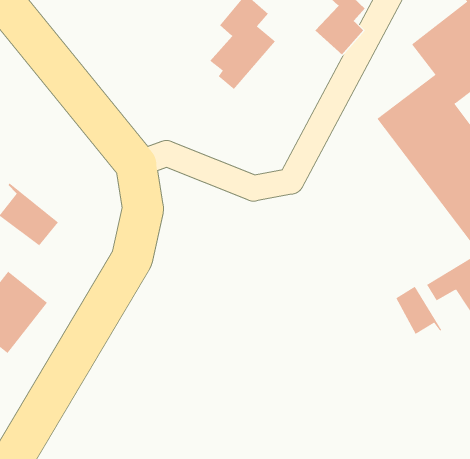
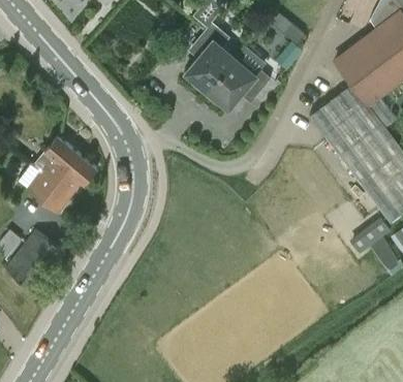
building: none -> [204,59,271,109]
building: none -> [35,136,97,194]
building: [395,286,442,335] -> none

